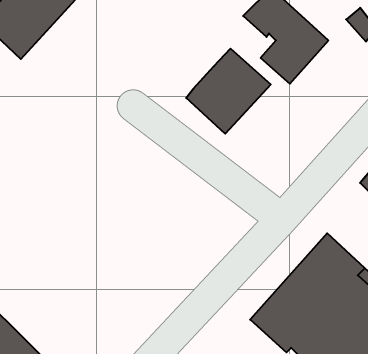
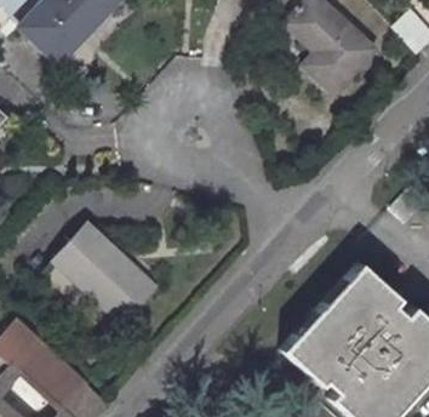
building: [186,49,271,134] -> none
building: none -> [58,225,156,322]

